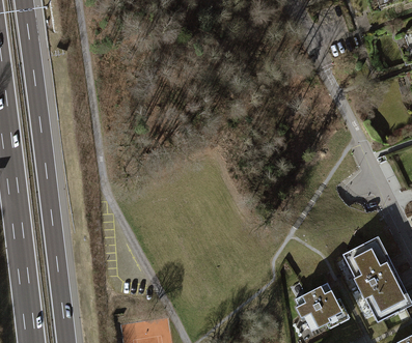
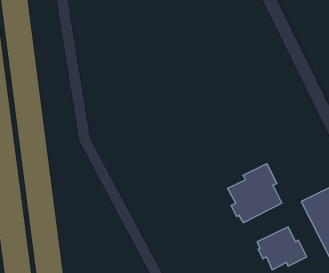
building: none -> [227,164,282,223]

